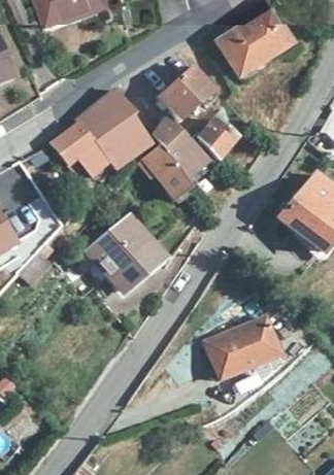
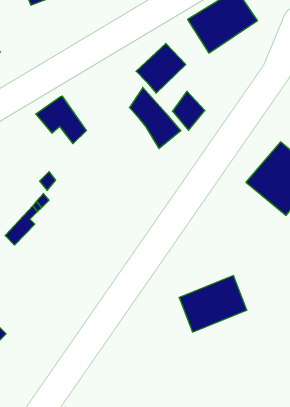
building: [76,90,152,169] -> none
building: [143,145,190,199] -> none
building: [89,216,166,305] -> none

